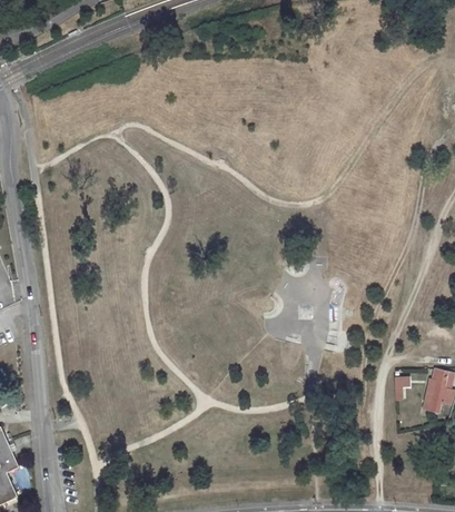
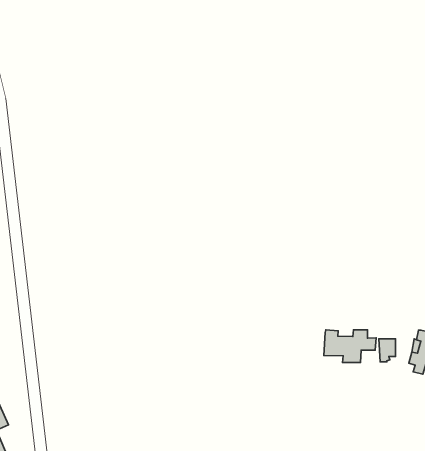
building: none -> [324,330,376,363]

